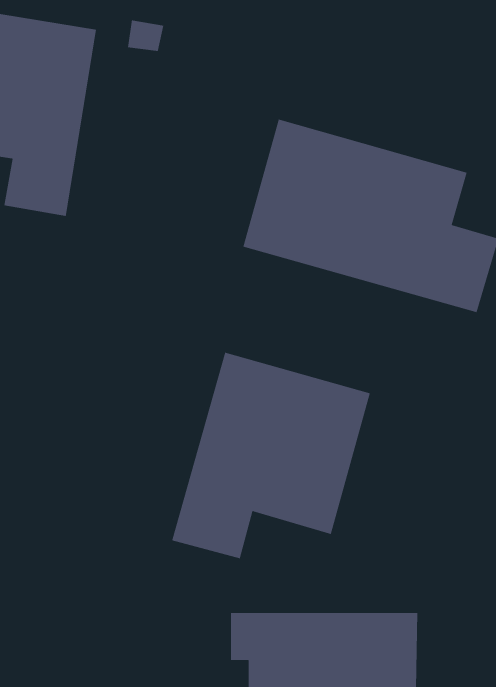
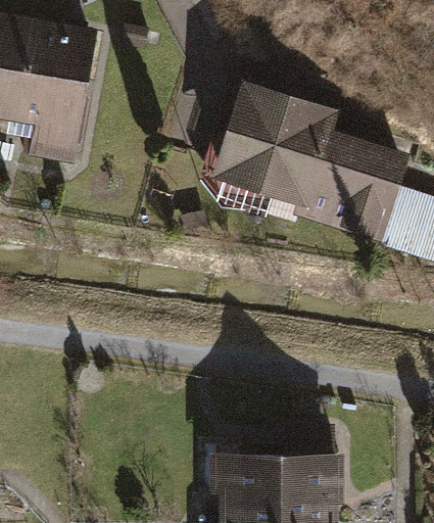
building: [172,352,371,559] -> none

